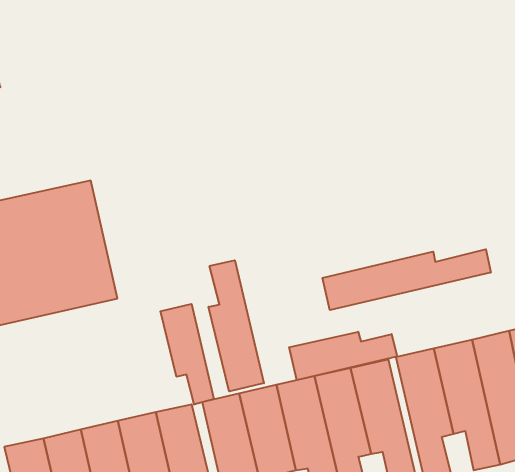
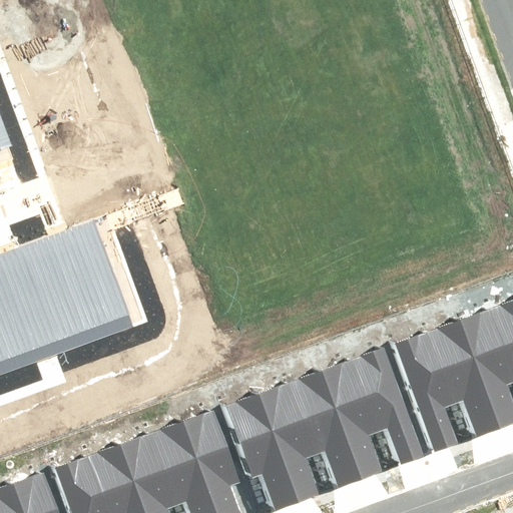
building: [322,249,491,310] -> none
building: [209,260,264,391] -> none
building: [160,304,214,405] -> none
building: [289,332,397,380] -> none

